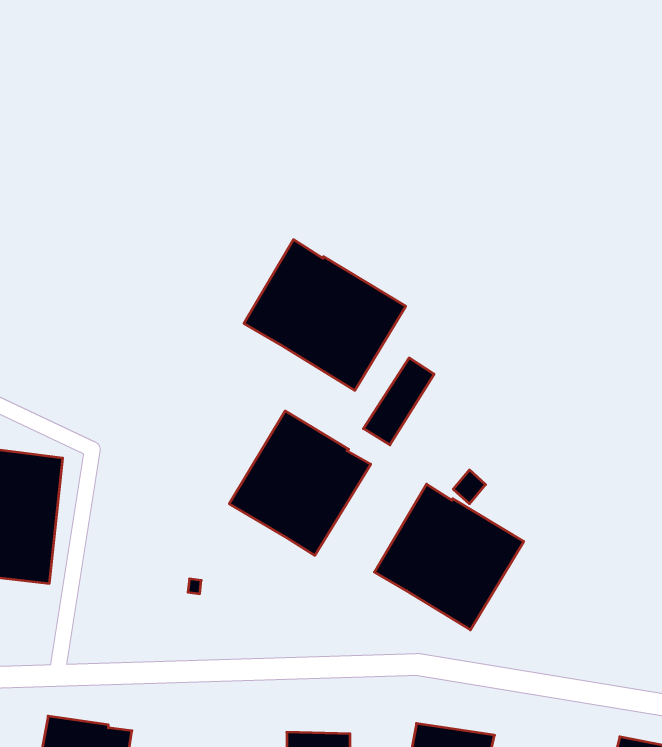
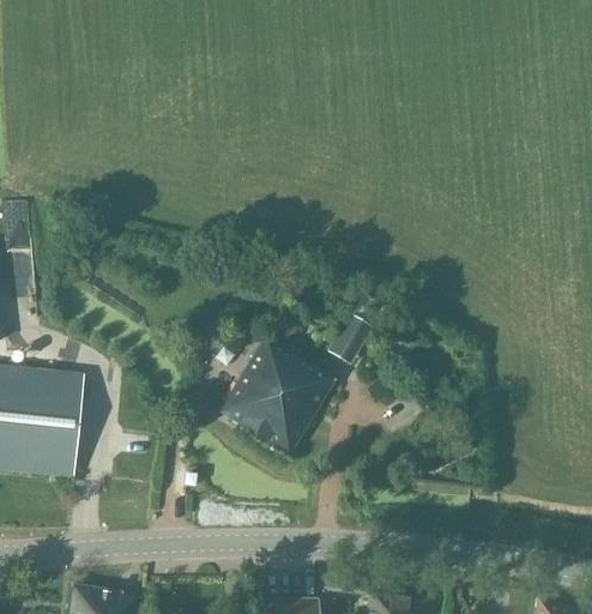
building: [244,240,406,390] -> none
building: [374,484,524,630] -> none

